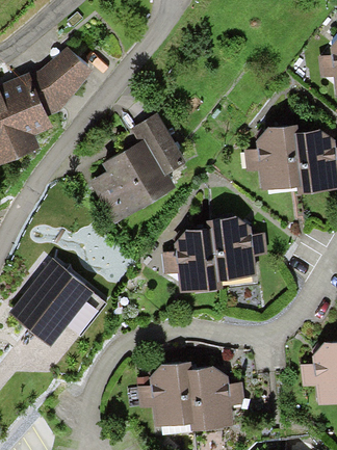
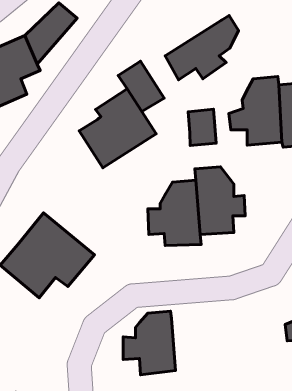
building: none -> [165,16,238,80]
building: none -> [188,109,216,145]
building: [185,366,241,428] -> none

